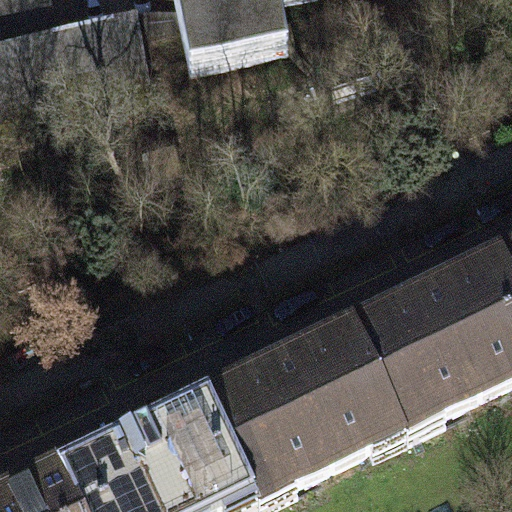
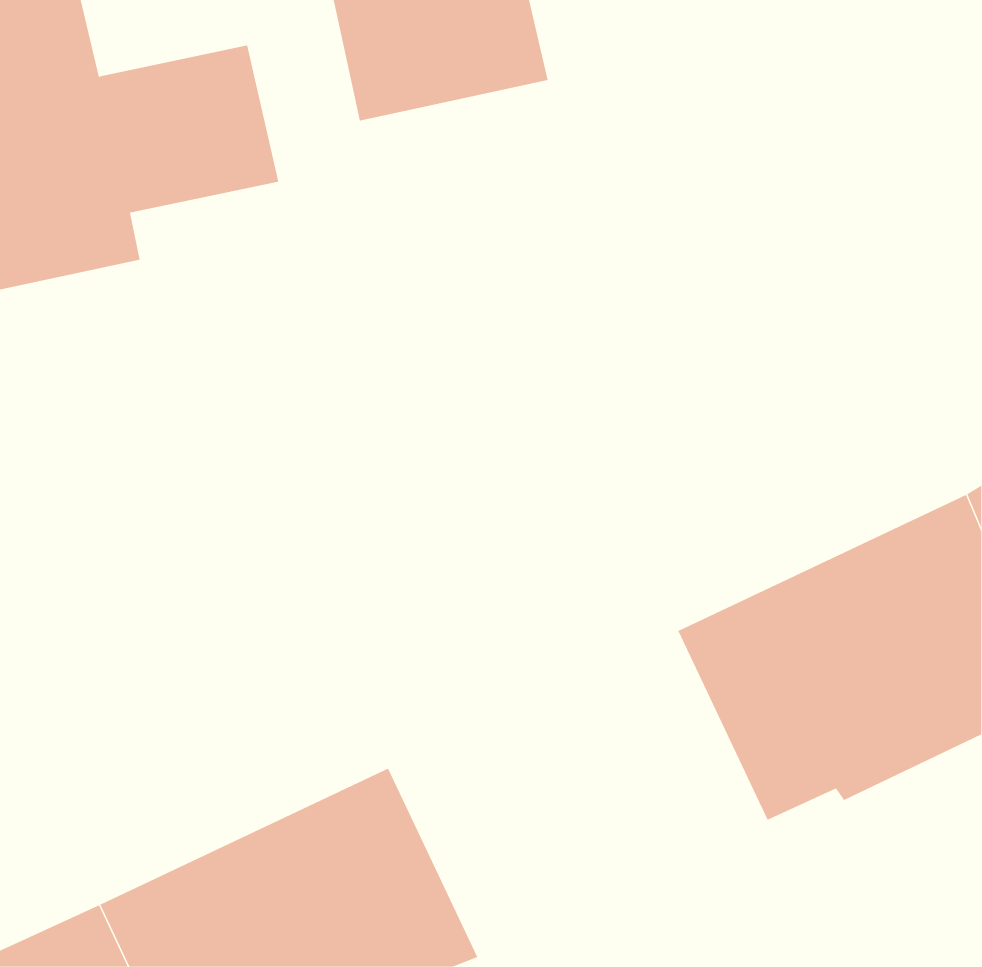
building: [199,323,393,490] -> none

